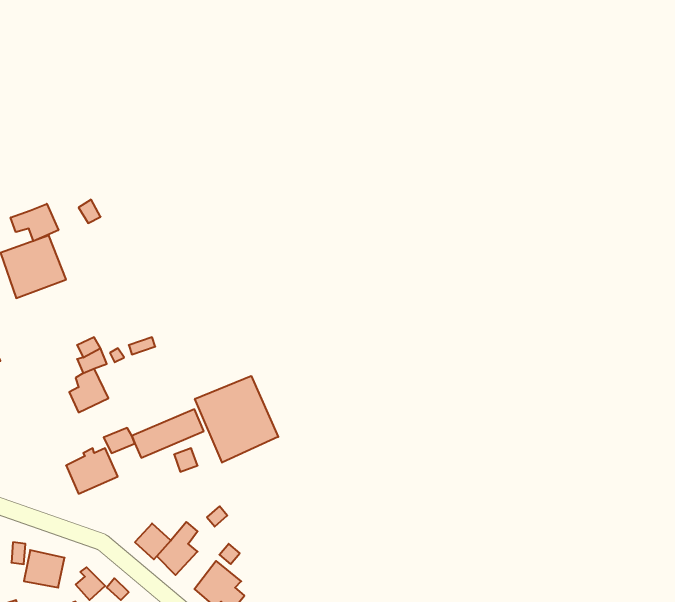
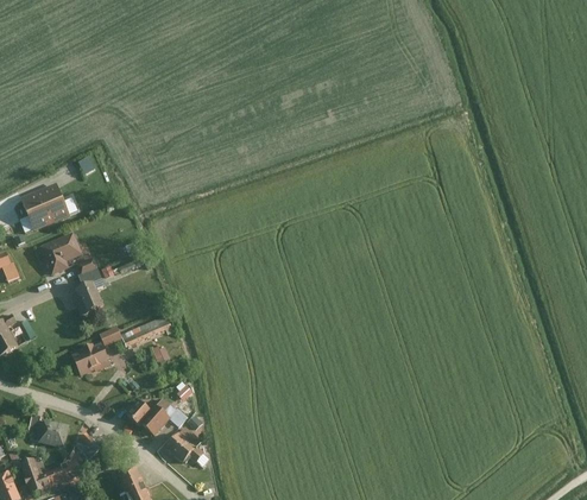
building: [11,204,58,241] -> none
building: none -> [37,232,81,276]
building: [195,376,278,463] -> none

